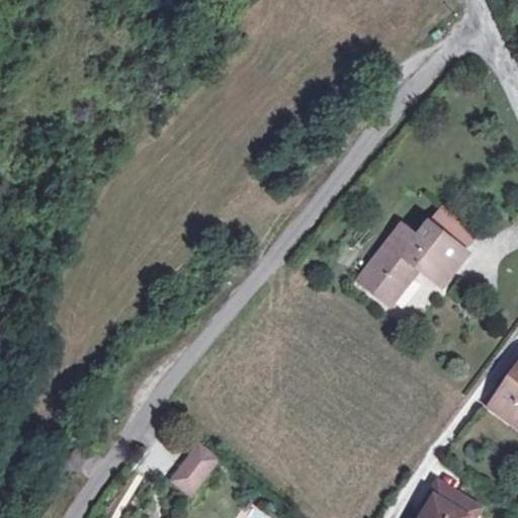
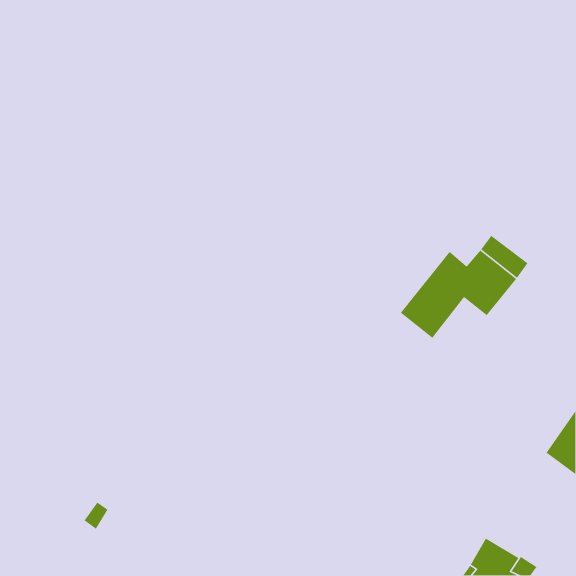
building: [172,446,215,495] -> none

